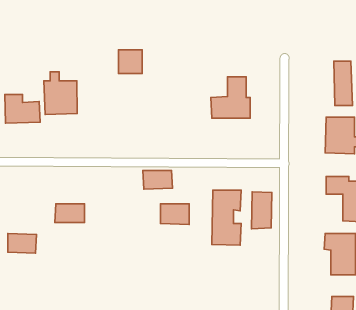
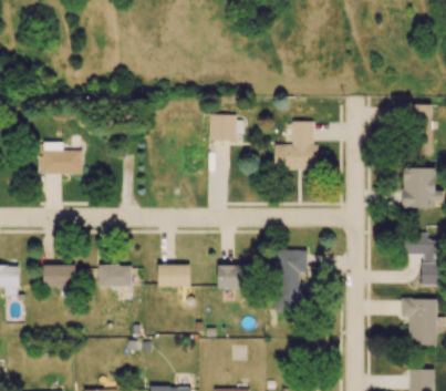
building: [119,50,142,73] -> [209,114,236,141]
building: [44,72,77,114] -> none
building: [143,171,172,189] -> [157,265,190,286]
building: [252,192,272,229] -> none
building: [8,233,37,253] -> [43,264,75,286]

